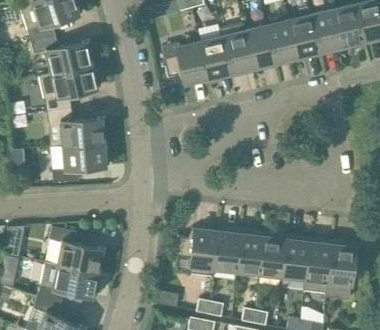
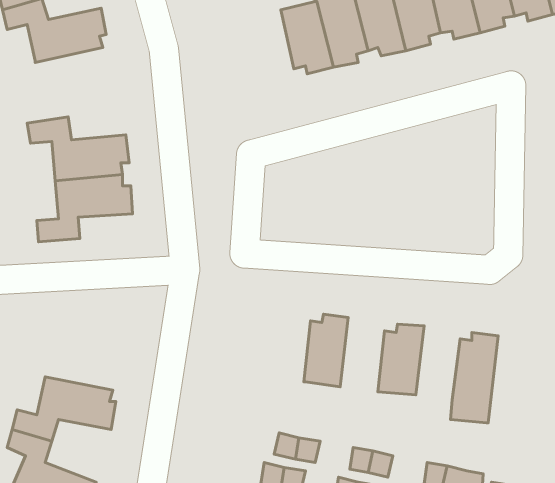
building: [163,41,208,83] -> none
building: [39,64,101,110] -> none
building: [50,226,106,272] -> none
building: [176,227,218,275] -> none
building: [236,228,263,273] -> none
building: [282,233,309,278] -> none
building: [325,239,355,299] -> none

